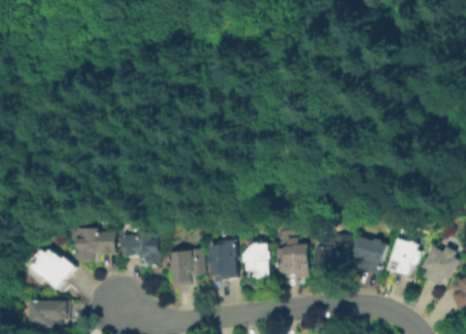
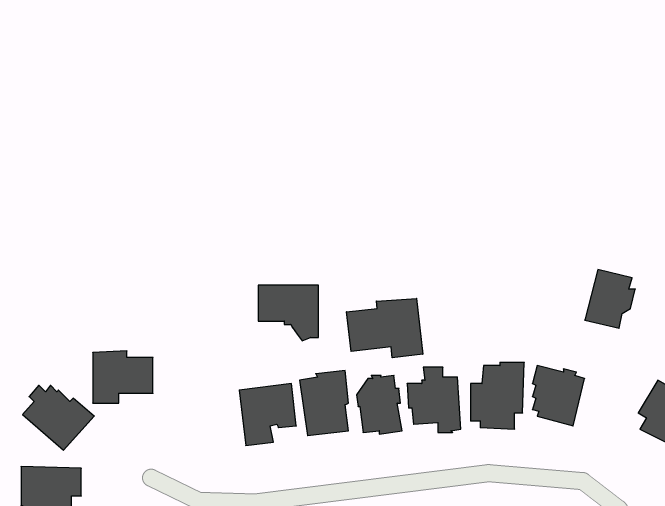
building: none -> [347,298,423,358]
building: [121,232,159,267] -> [258,285,318,341]
building: [388,238,420,275] -> [585,270,635,328]

